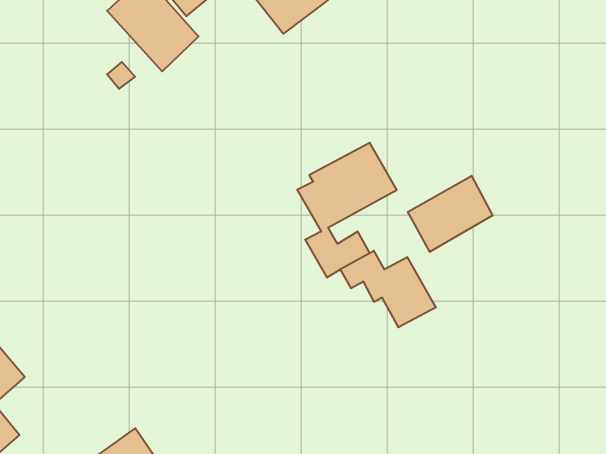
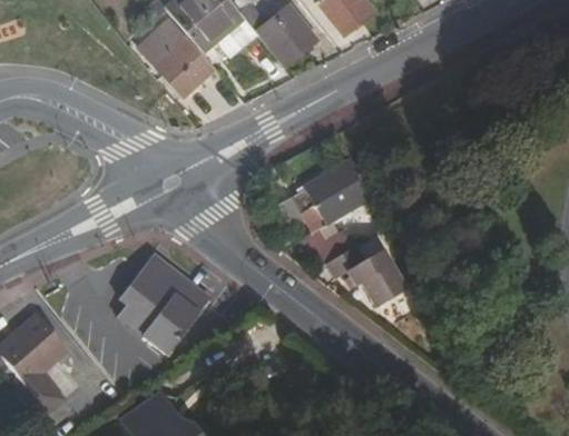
building: [408,176,493,252] -> none
building: none -> [118,252,212,354]

